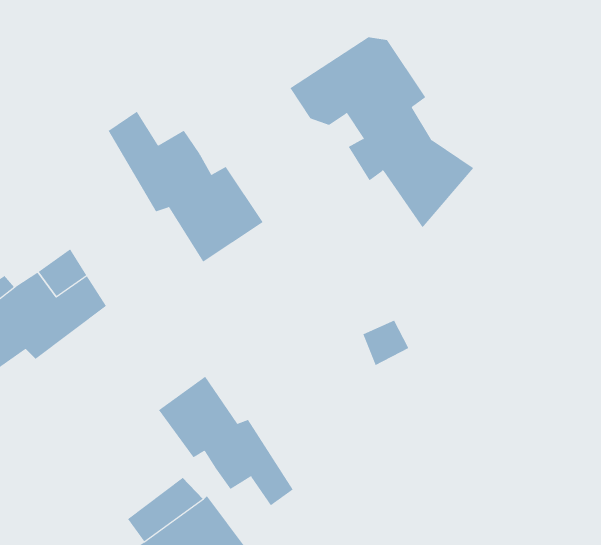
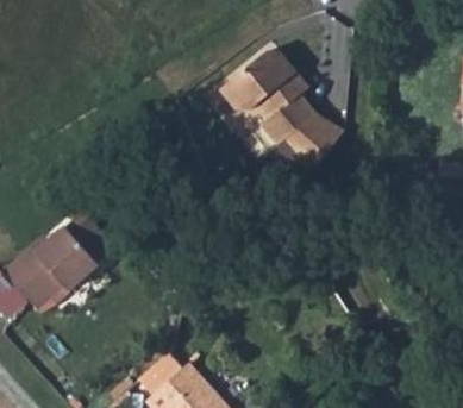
building: [108,111,264,263] -> none
building: [158,376,294,506] -> none

